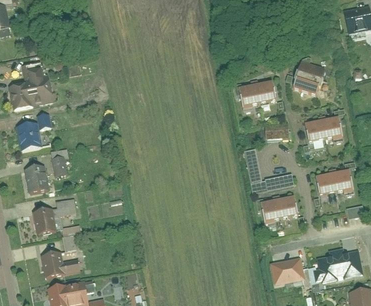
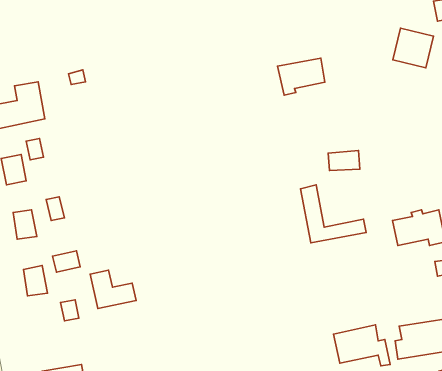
building: [293,65,324,95] -> [393,28,434,68]
building: [239,82,275,110] -> [277,58,325,95]
building: [304,115,343,143] -> none
building: [261,195,298,226] -> none
building: [42,251,77,280] -> [90,270,136,308]

